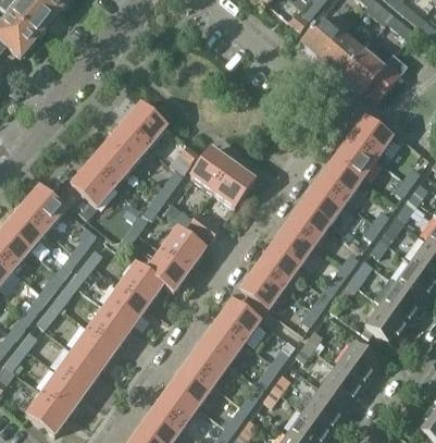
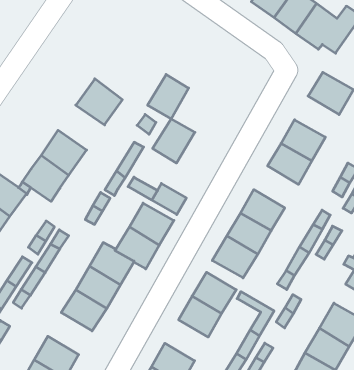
building: [101,126,147,171] -> none
building: [332,138,375,180] -> none
building: [213,163,254,207] -> [148,74,189,119]
building: [286,202,329,245] -> none
building: [73,327,116,369] -> none
building: [186,344,228,385] -> none

